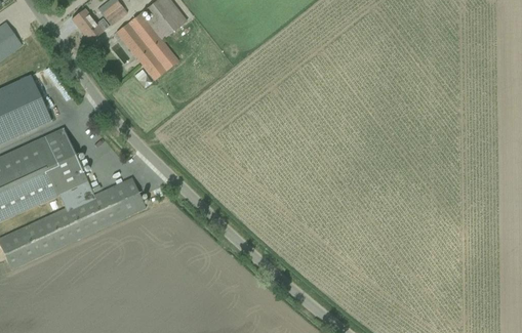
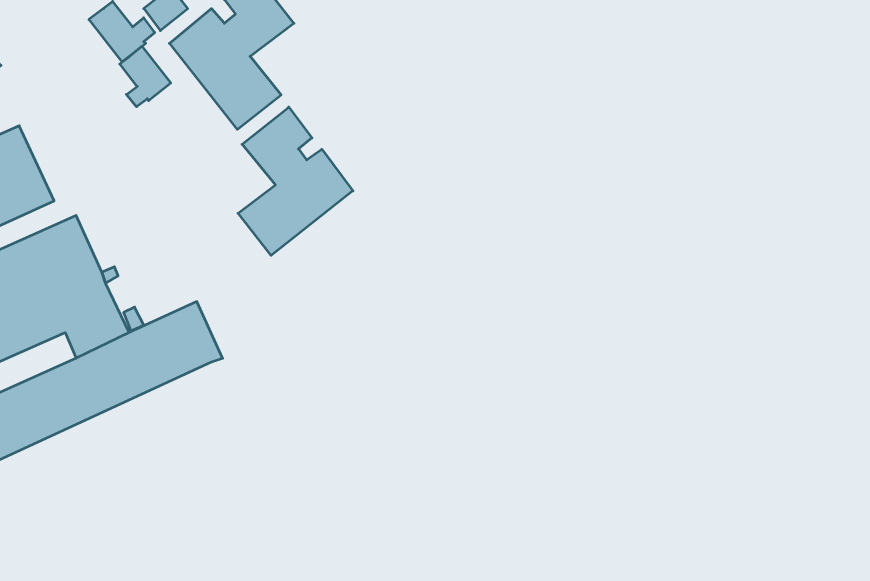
building: none -> [120,46,171,107]
building: none -> [238,107,353,255]

